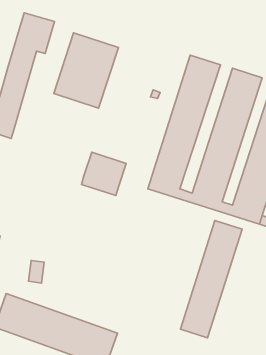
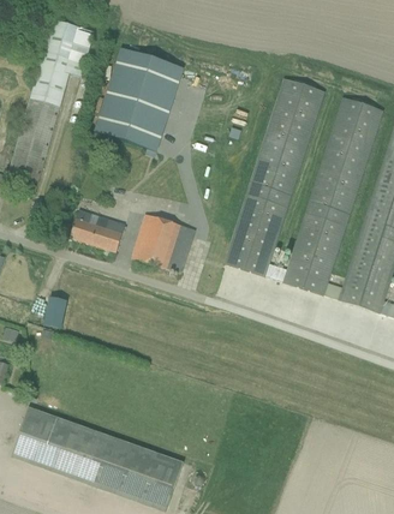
building: none -> [70,209,125,252]
building: [180,221,242,338] -> none
building: [29,261,44,283] -> [40,297,61,328]

